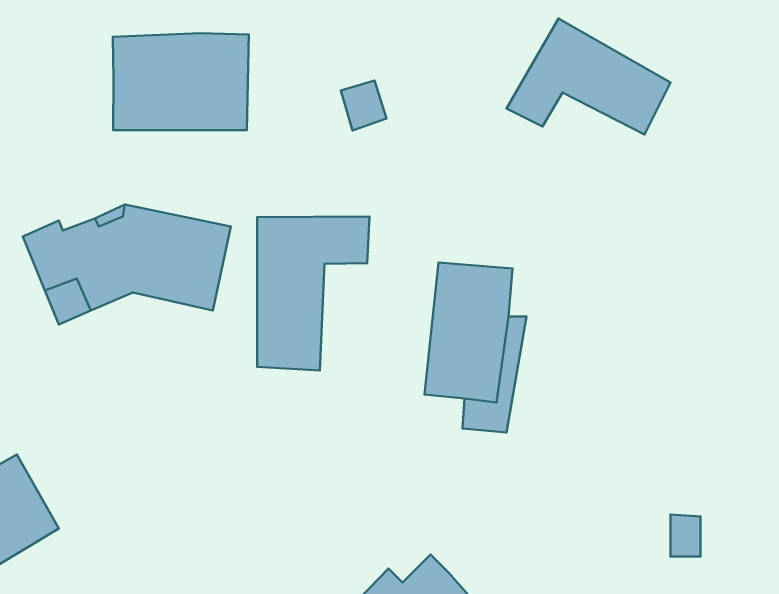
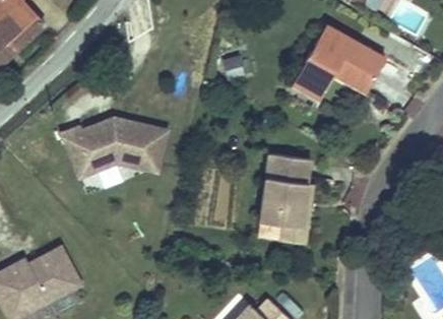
building: [113,33,249,130] -> none
building: none -> [296,61,374,97]
building: [257,217,370,370] -> none

